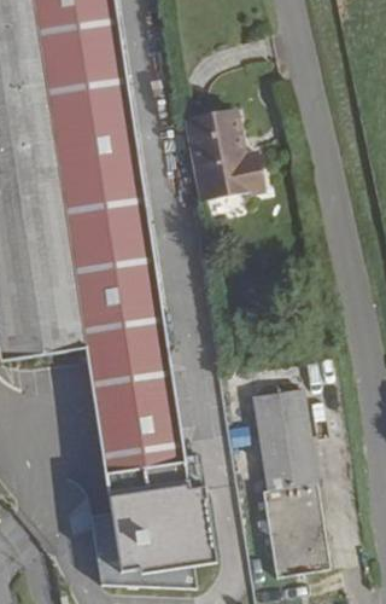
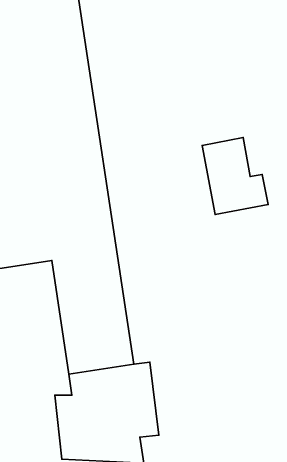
building: [185,108,264,201] -> [202,138,268,215]
building: [252,388,329,576] -> none

